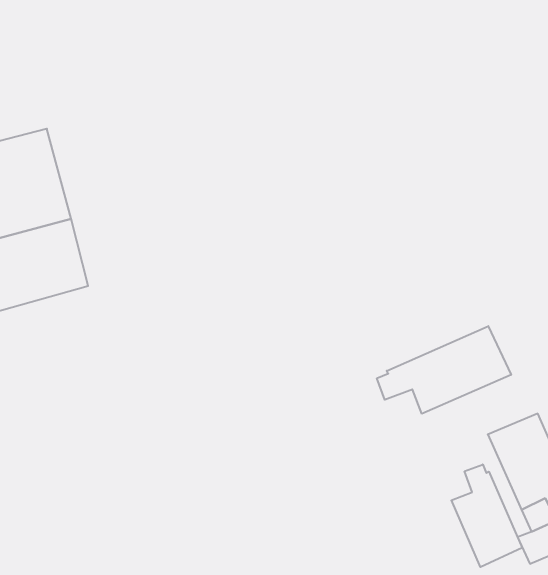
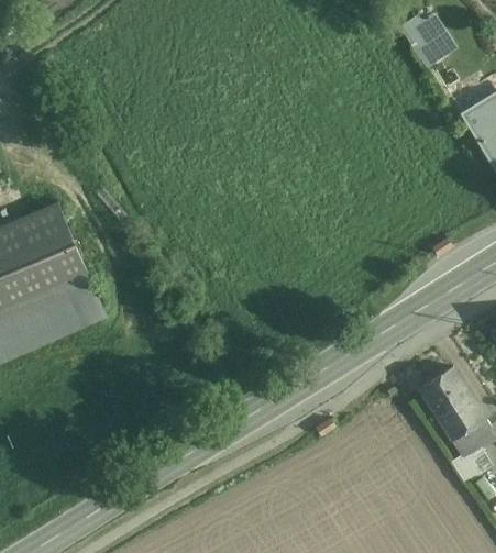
building: [377,326,511,414] -> none
building: [451,464,522,567] -> none

